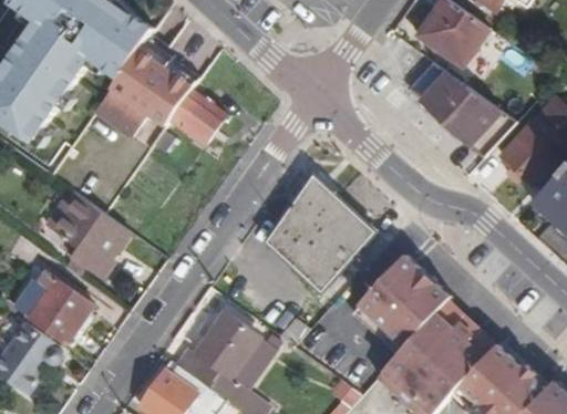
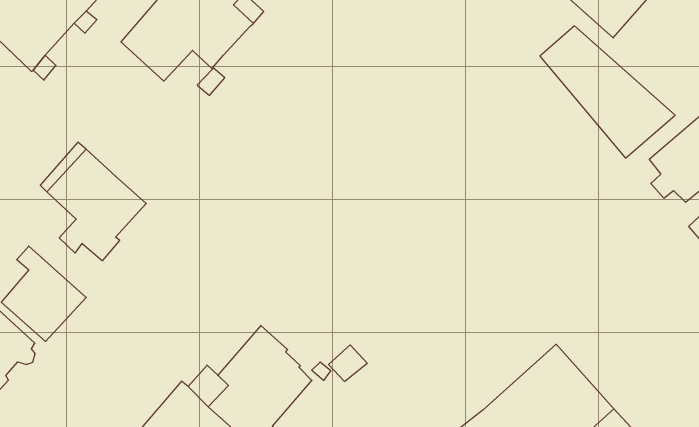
building: [172,90,224,138] -> none
building: [264,174,386,303] -> none
building: [352,255,450,355] -> none

